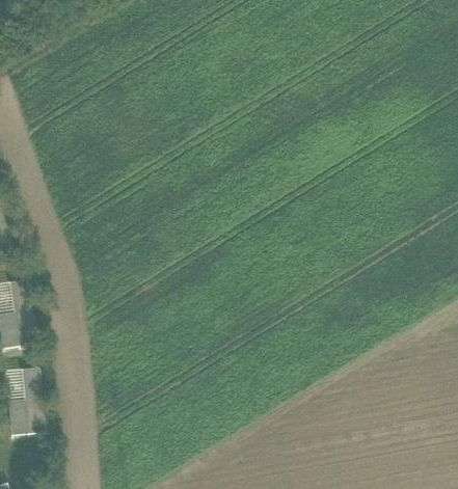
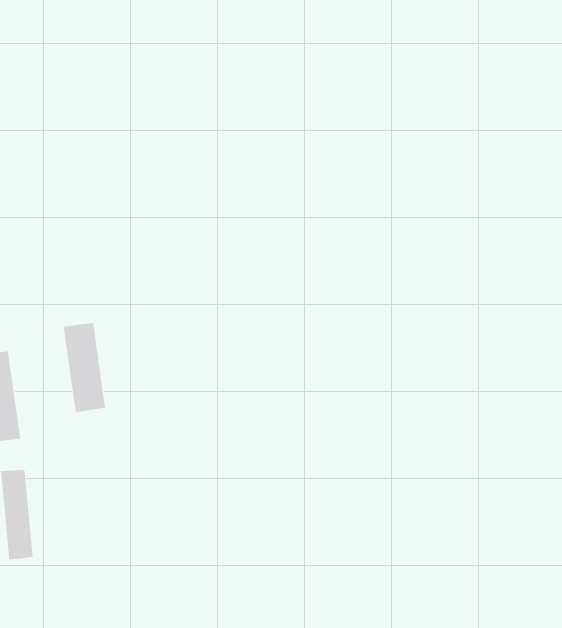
building: none -> [63,322,106,413]

